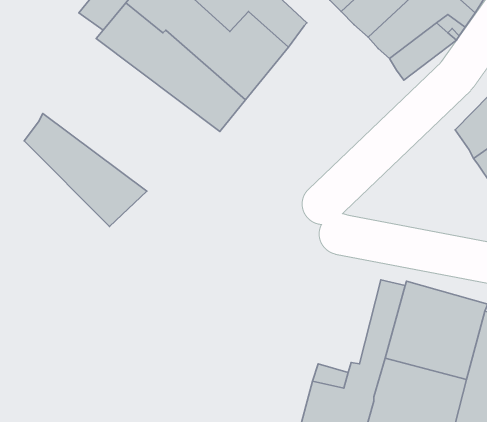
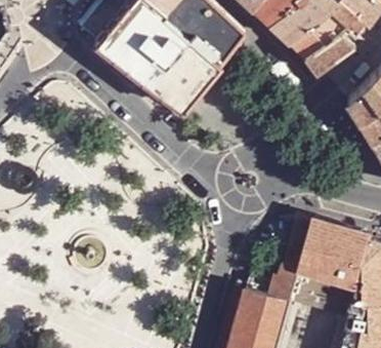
building: [24,113,147,227] -> none

